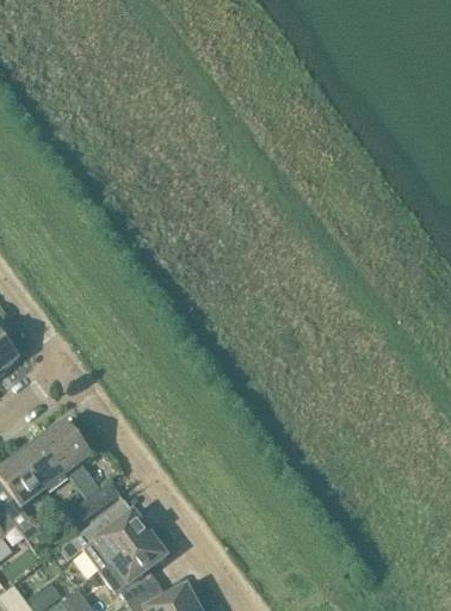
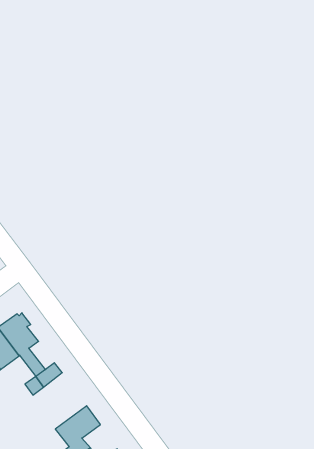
building: [57,511,149,562] -> none

